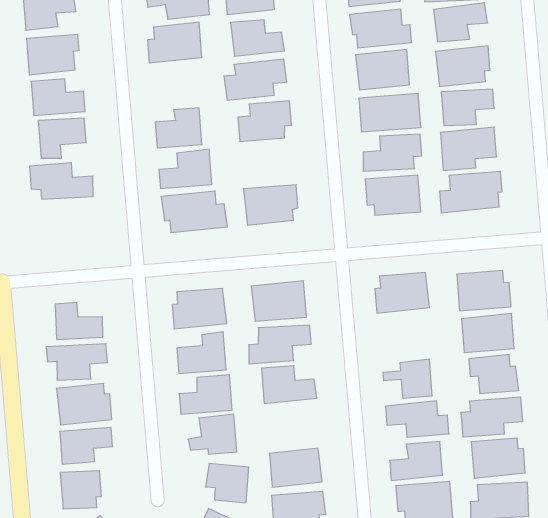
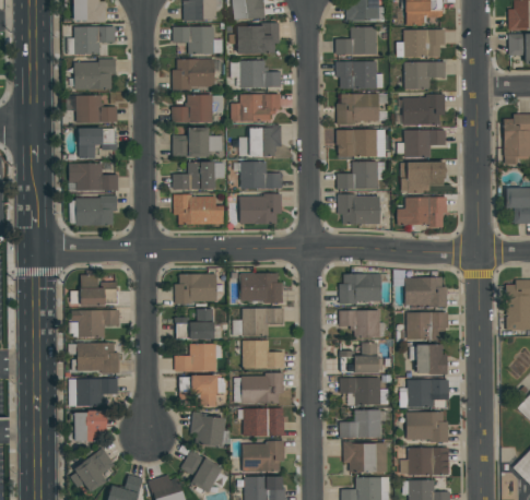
building: none -> [173,95,212,123]
building: none -> [240,162,283,190]
building: none -> [75,198,115,226]
building: none -> [339,311,382,338]
building: none -> [243,374,284,405]

